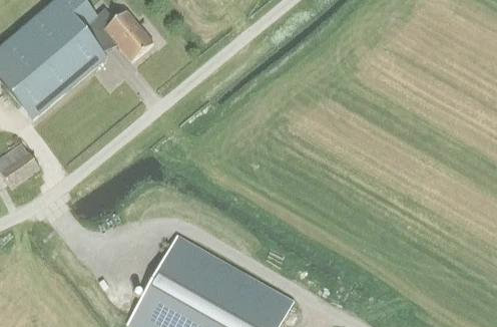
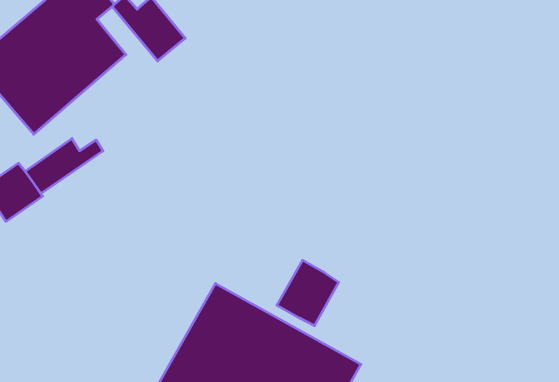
building: none -> [25,138,103,193]
building: none -> [277,260,339,326]

